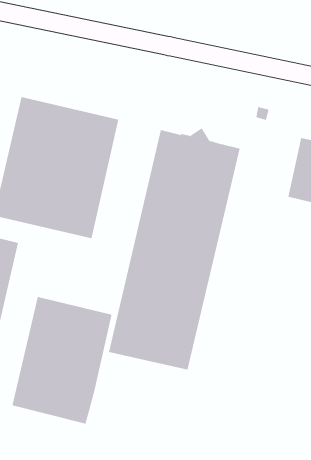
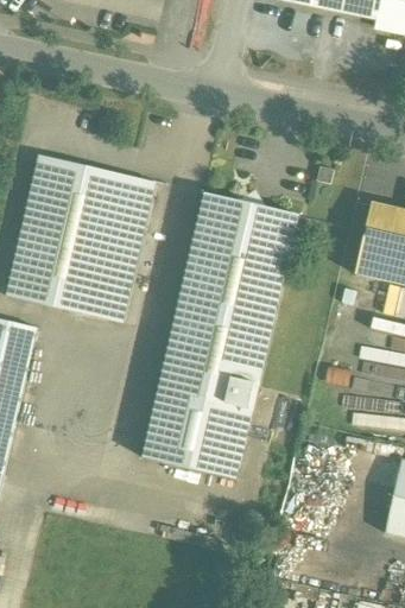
building: [12,296,112,425] -> none

